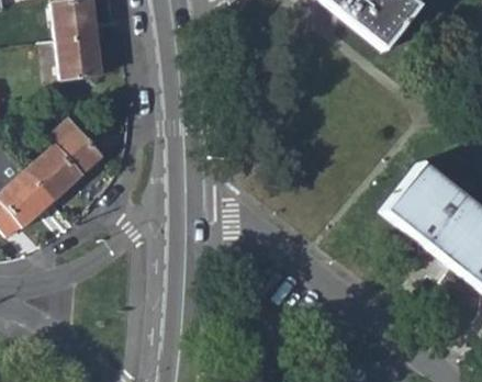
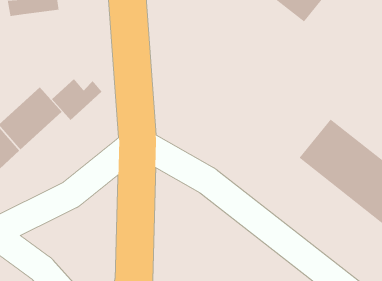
building: [56,36,102,78] -> none
building: none -> [51,78,102,121]

